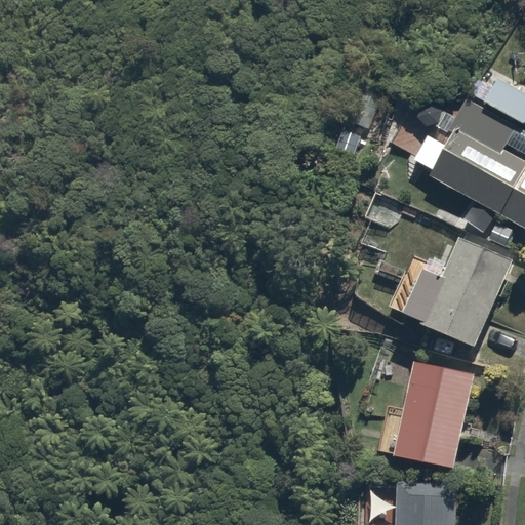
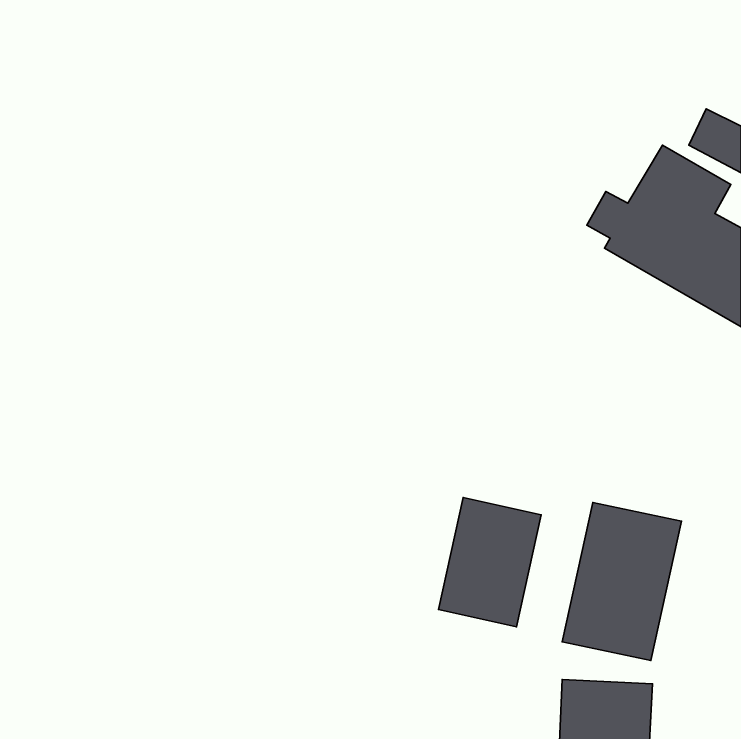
building: [385,232,514,349] -> none
building: none -> [439,497,541,627]

